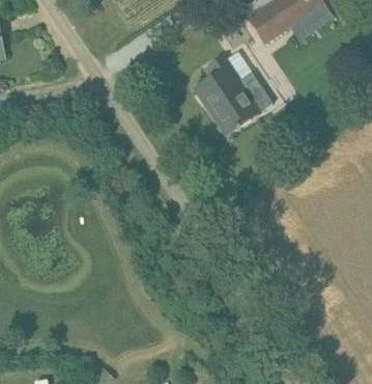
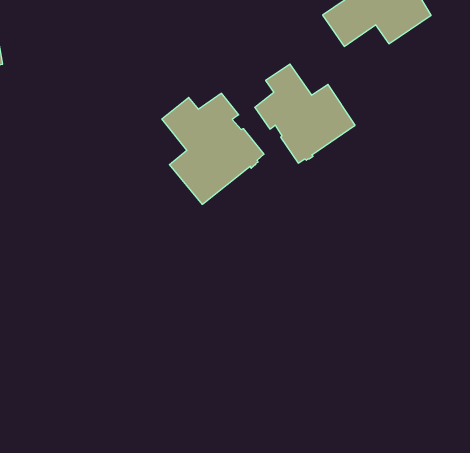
building: none -> [162,93,264,204]

